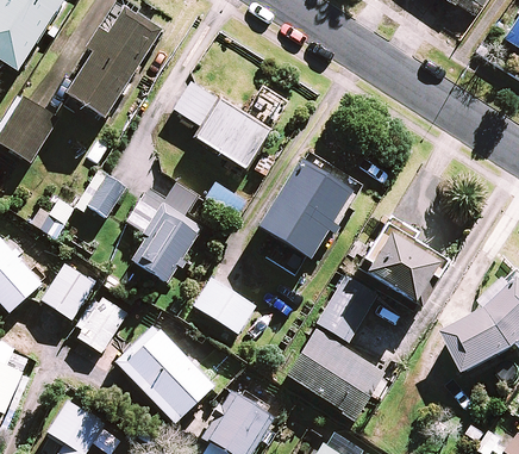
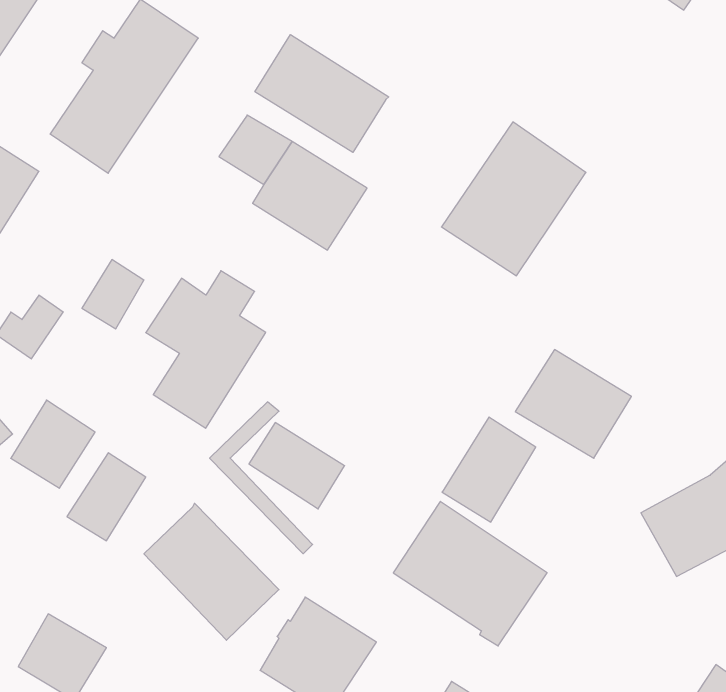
building: none -> [255,35,389,152]
building: [257,157,349,255] -> [441,122,586,276]
building: [113,324,179,421] -> [210,402,313,554]

